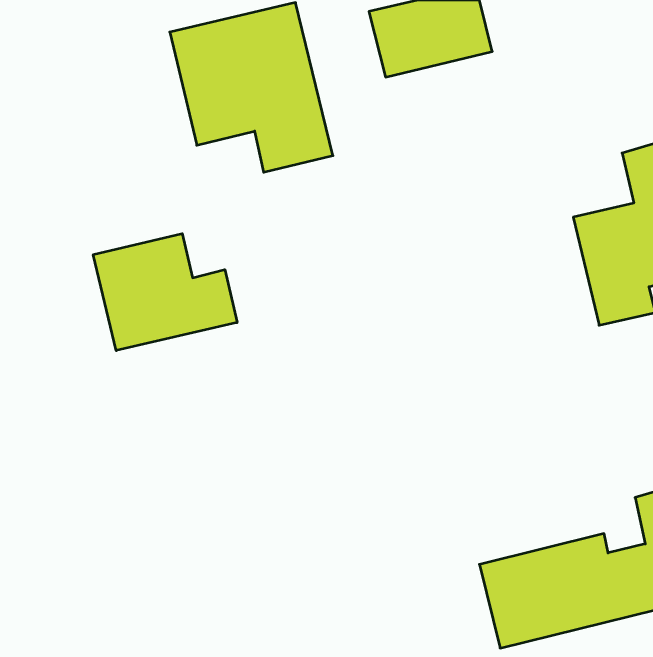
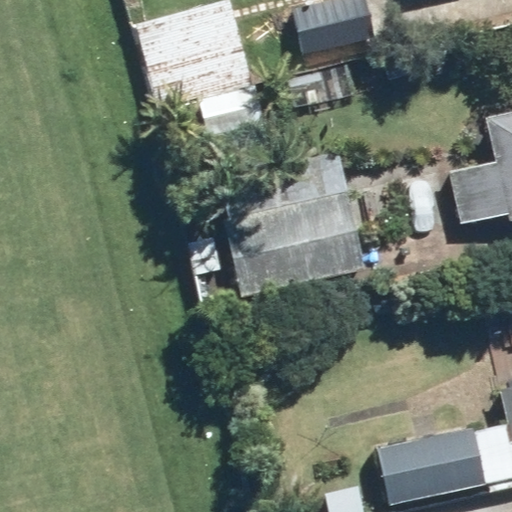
building: none -> [212,156,369,299]
building: [93,234,237,351] -> none

